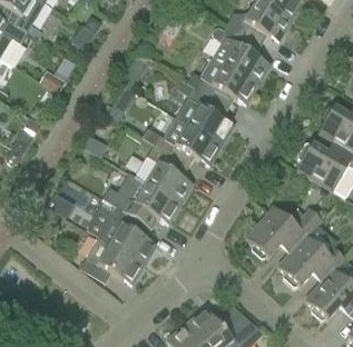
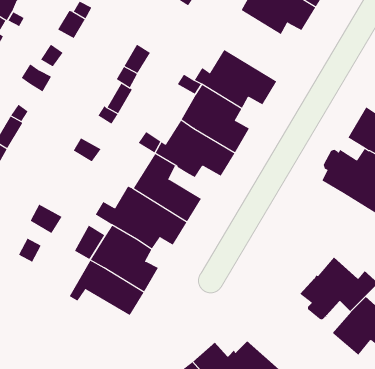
building: [212,23,271,85] -> none
building: [246,206,325,257] -> none

